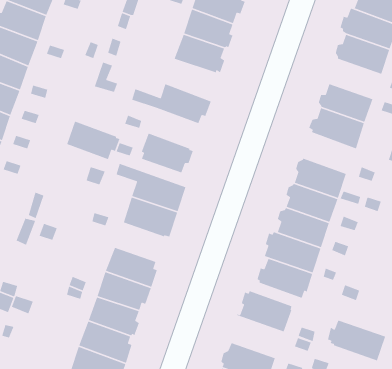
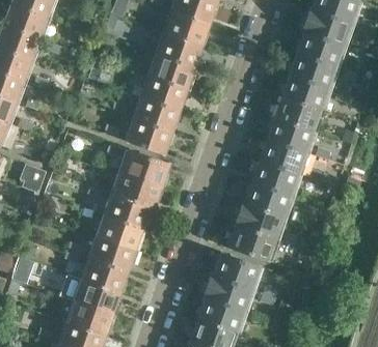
building: none -> [148,54,194,90]
building: none -> [288,54,335,88]
building: [66,121,120,160] -> [134,96,181,131]
building: none -> [268,117,314,152]
building: none -> [105,195,150,228]
building: [327,319,386,361] -> [200,274,251,311]

